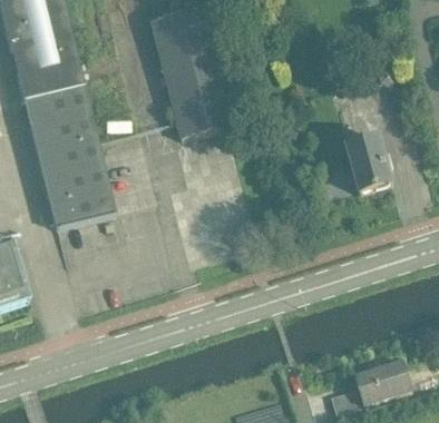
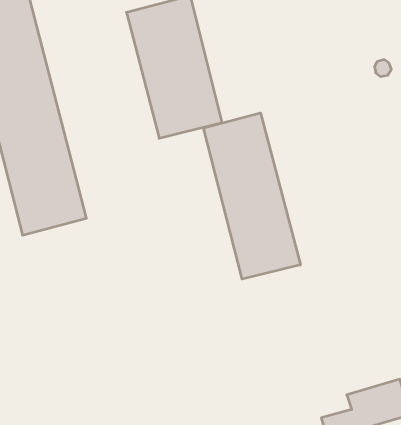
building: none -> [204,113,300,279]
building: [348,136,392,191] -> none

